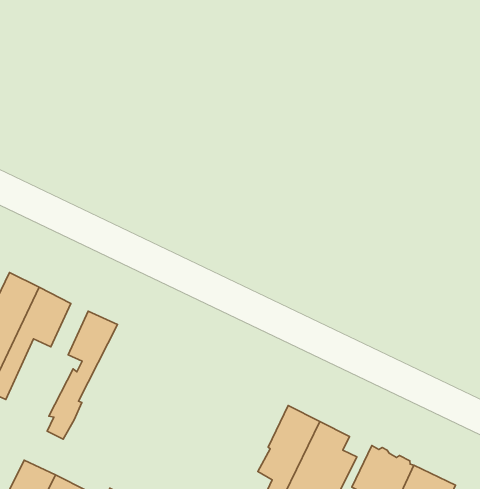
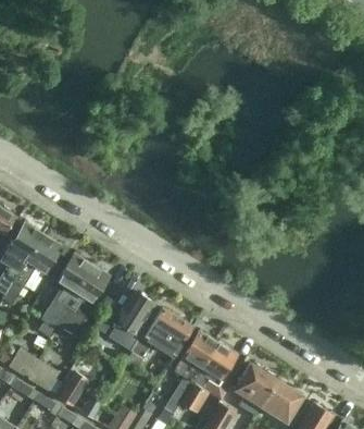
building: none -> [55,265,109,335]
building: none -> [96,293,154,348]
building: none -> [126,309,191,371]

